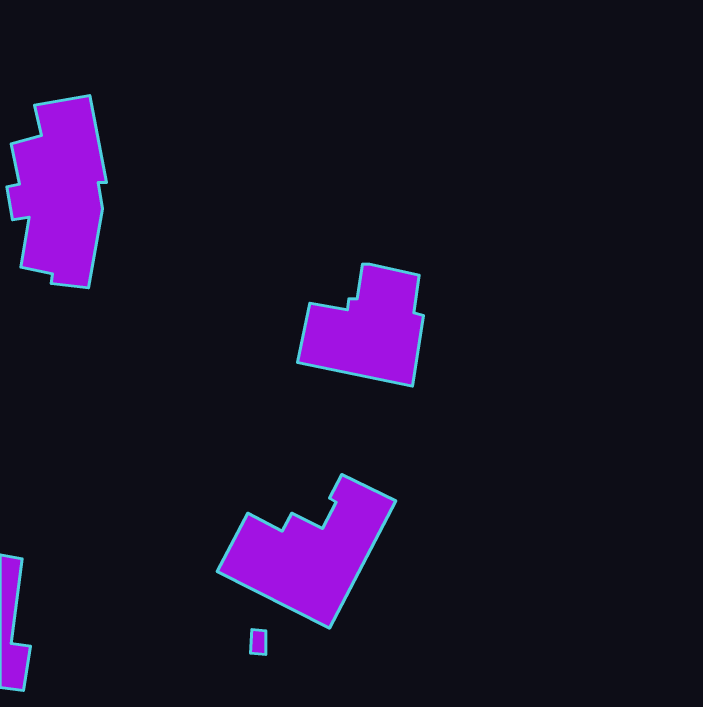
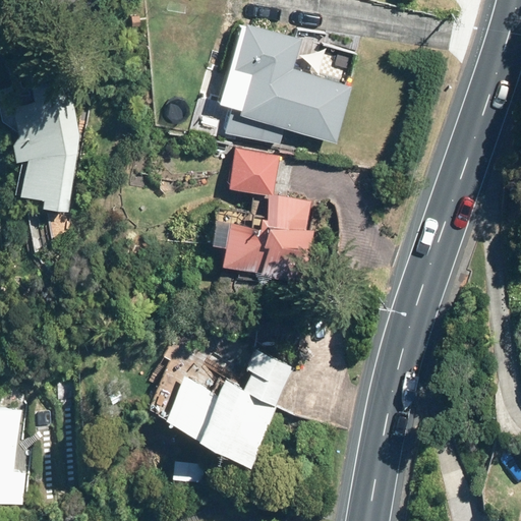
building: none -> [219,24,352,143]
building: none -> [230,148,281,194]

